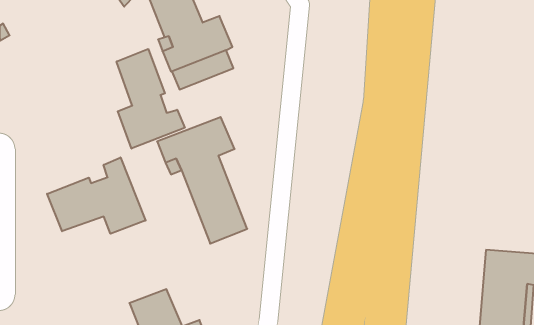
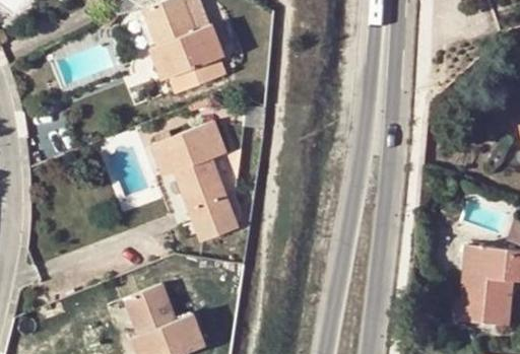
building: [117,49,185,149] -> none
building: [47,157,146,234] -> none

